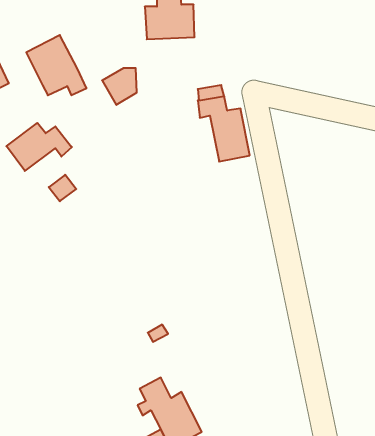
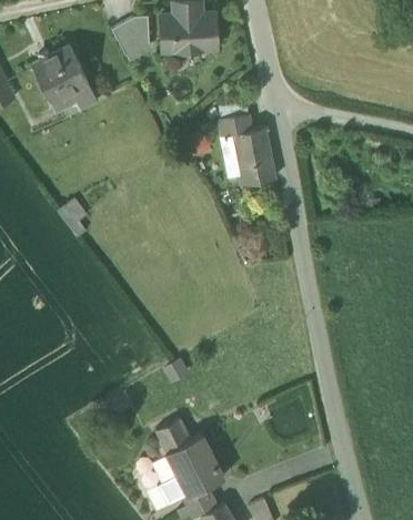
building: [102,68,137,105] -> [111,17,149,57]
building: [6,123,72,171] -> none

